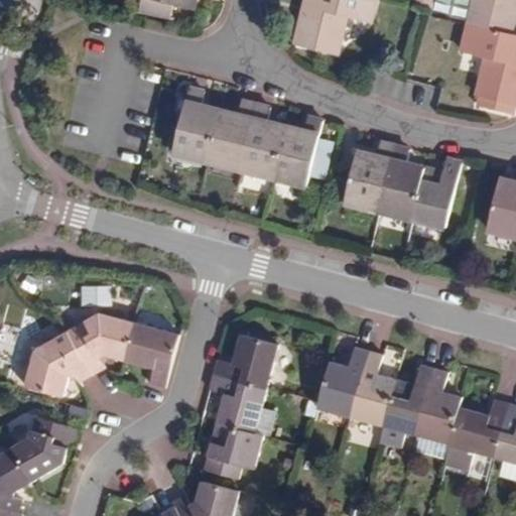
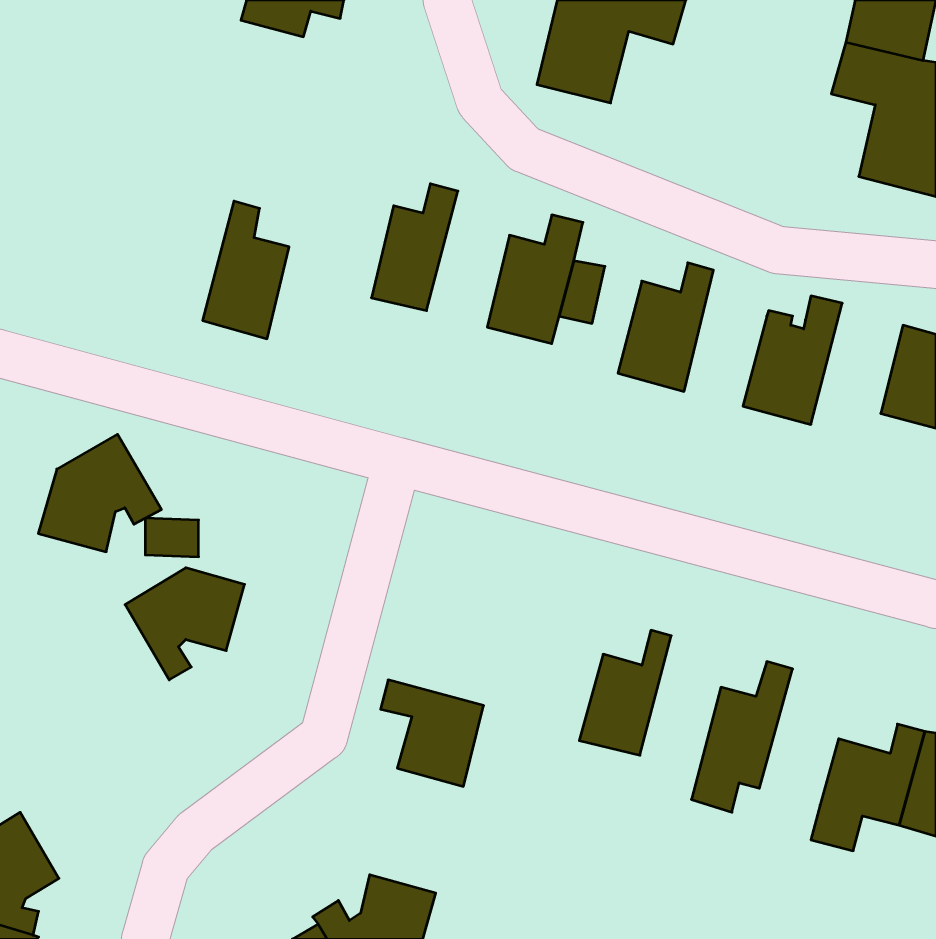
building: [168,88,216,163] -> [203,201,289,339]
building: [234,105,279,179] -> none
building: [375,148,420,223] -> none
building: [124,320,179,386] -> none
building: [25,332,93,396] -> [38,434,161,552]
building: [213,334,277,387] -> none
building: [351,349,395,423] -> none
building: [416,367,462,441] -> none
building: [11,417,80,482] -> none
building: [206,421,263,477] -> none

